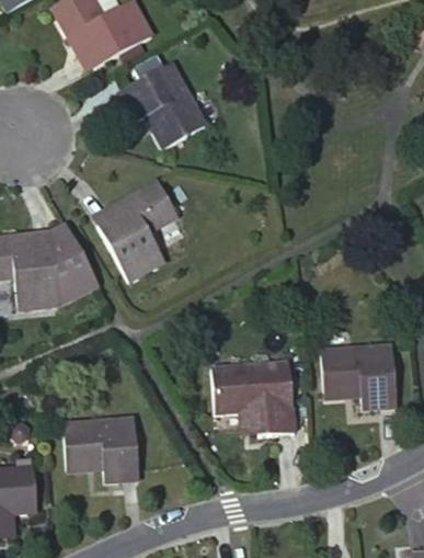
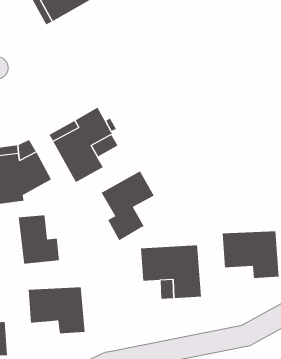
building: [115,62,205,147] -> none
building: none -> [101,170,154,241]
building: none -> [18,214,60,264]

